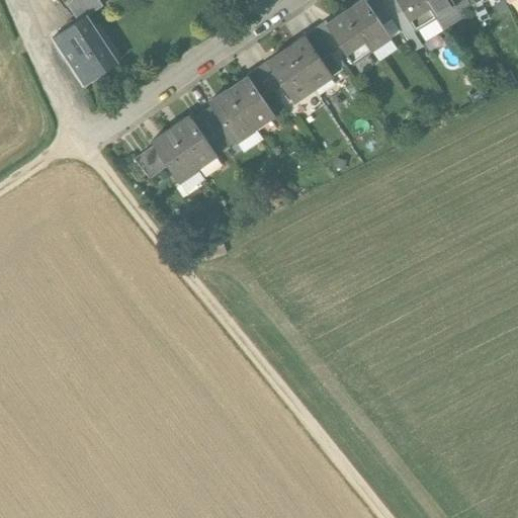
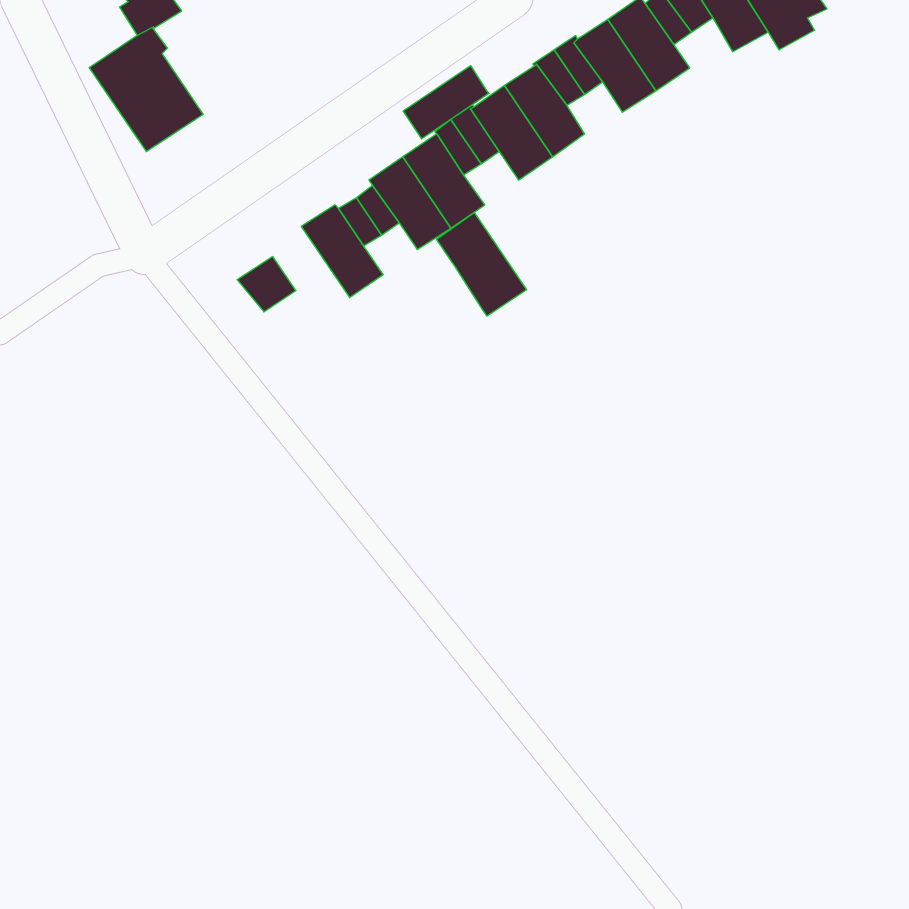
building: none -> [403,66,489,139]
building: none -> [437,212,526,316]
building: [153,128,199,182] -> none

